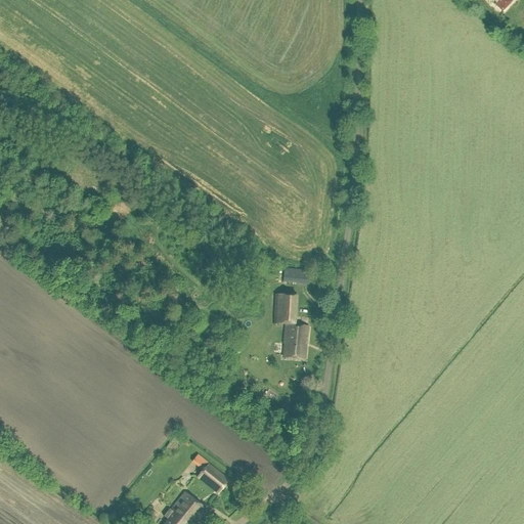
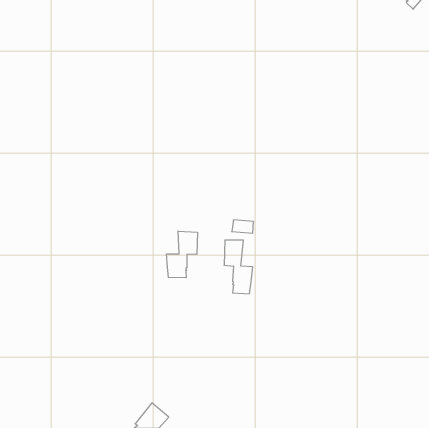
building: none -> [167,231,197,278]
building: [196,463,228,493] -> none

